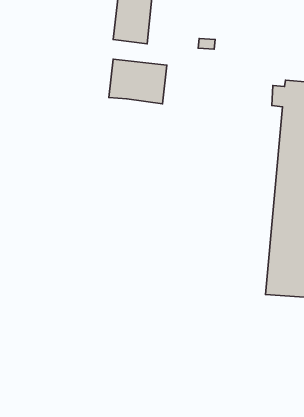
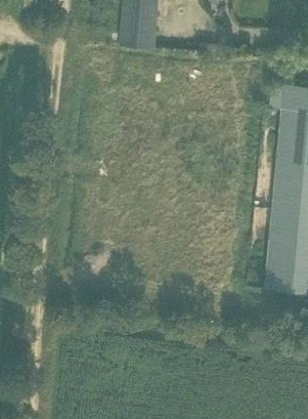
building: [109,59,167,104] -> none

